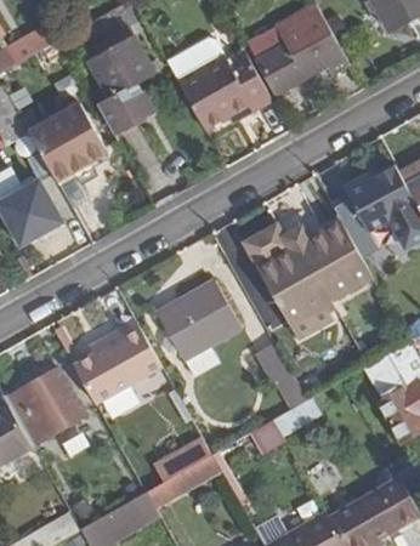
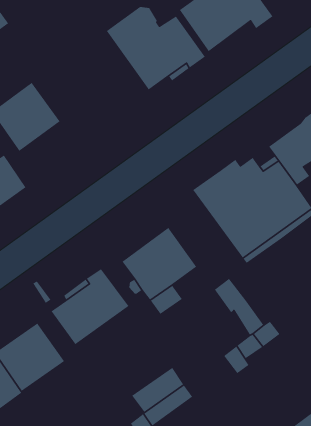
building: [83,29,154,132] -> none

